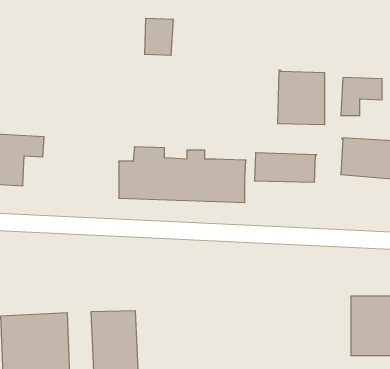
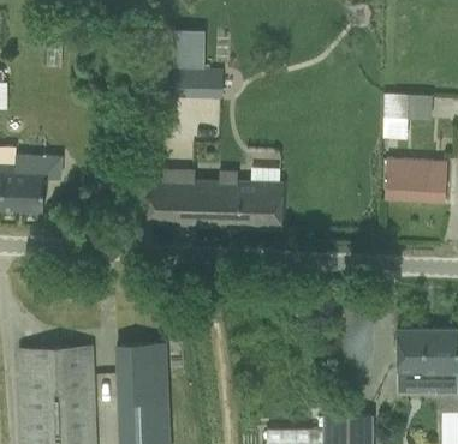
building: none -> [168,72,222,101]
building: [278,70,325,125] -> none
building: [255,152,316,182] -> none

